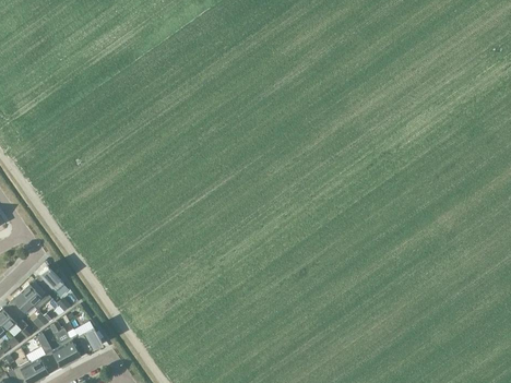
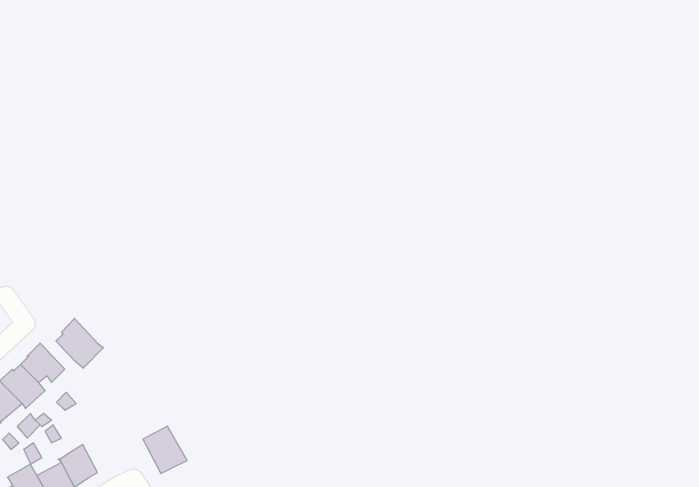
building: none -> [56,318,103,368]
building: [73,321,103,352] -> [143,426,187,473]

